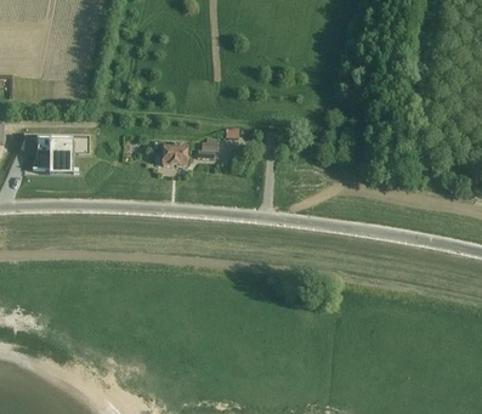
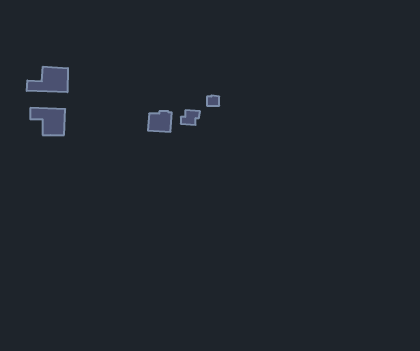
building: none -> [27,67,68,92]

